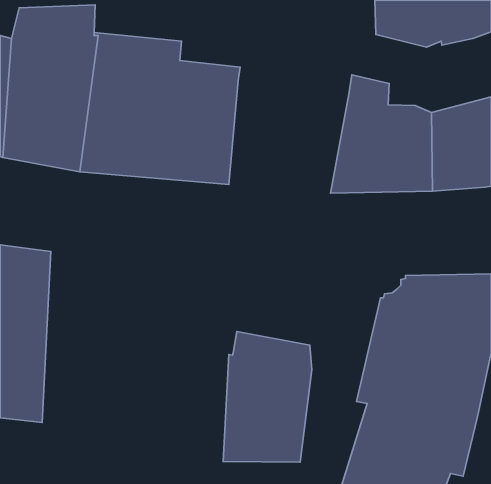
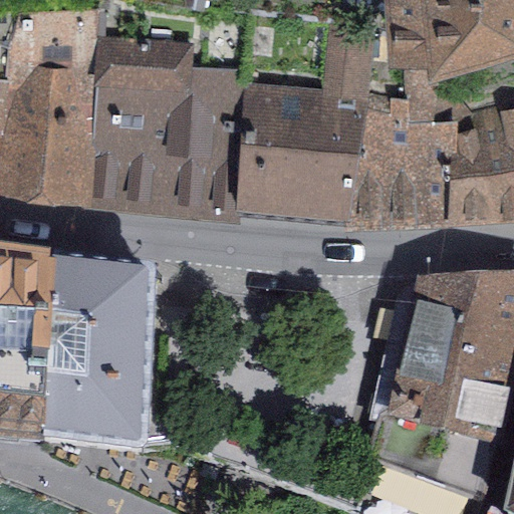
building: none -> [239,31,371,209]
building: none -> [44,270,150,458]
building: [223,331,312,462] -> none

